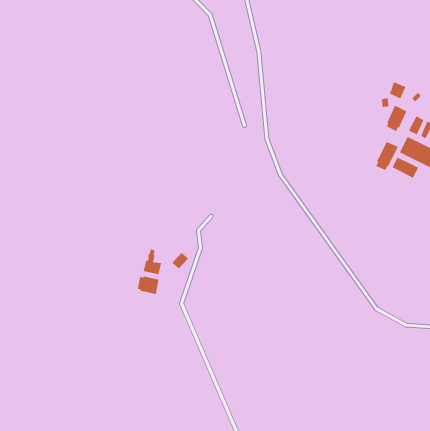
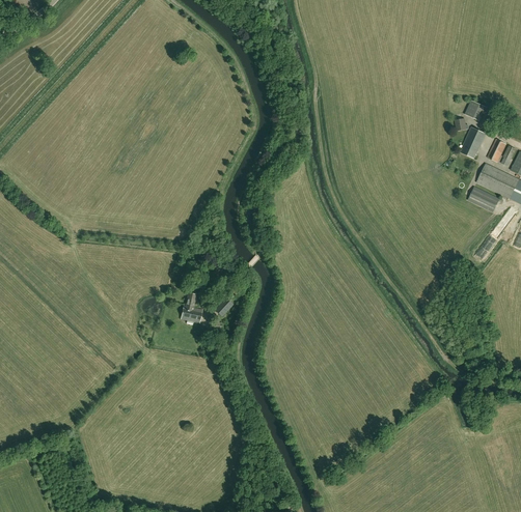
building: [375,141,399,171] -> none
building: [137,275,159,295] -> none

